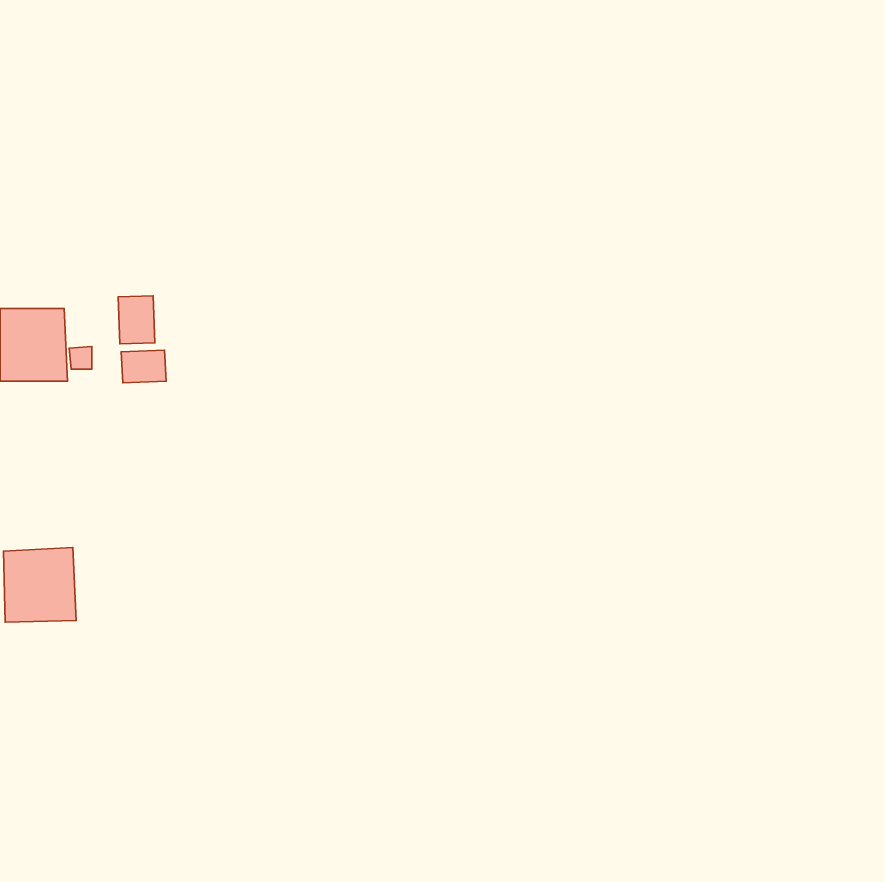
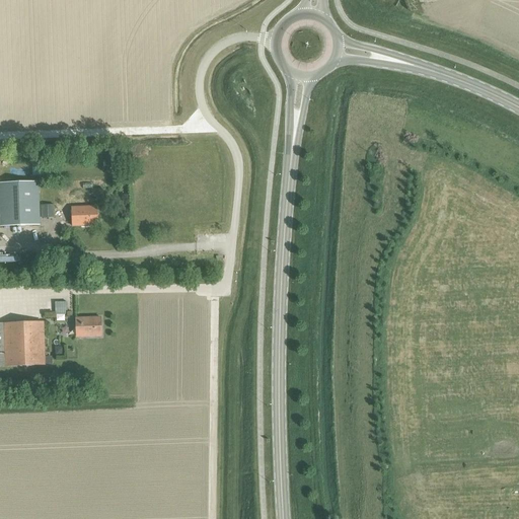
building: [118,296,155,344] -> none
building: none -> [75,315,100,336]

